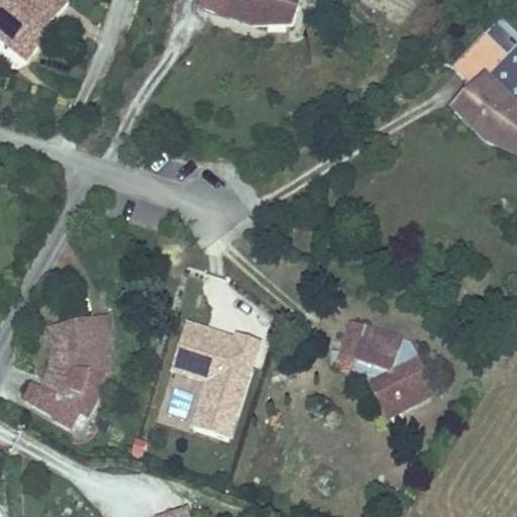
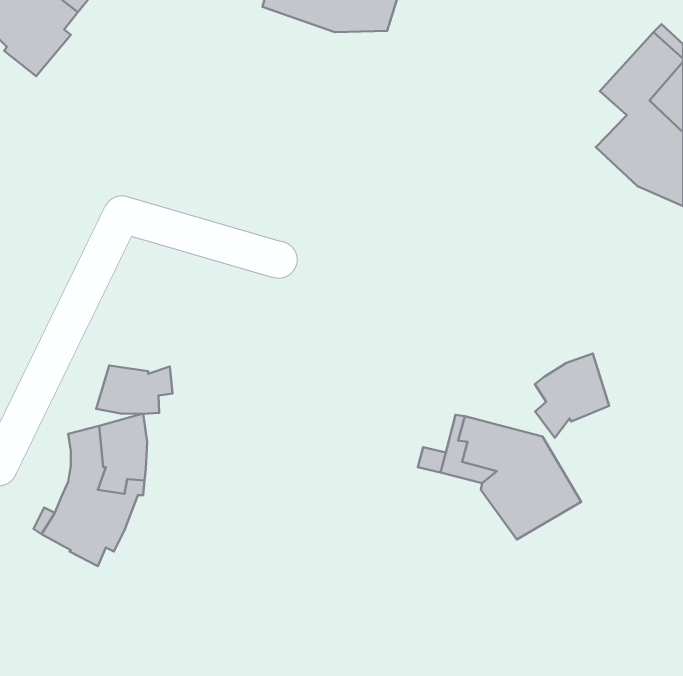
building: none -> [535,353,609,438]
building: none -> [96,365,173,414]
building: [170,323,262,440] -> none

